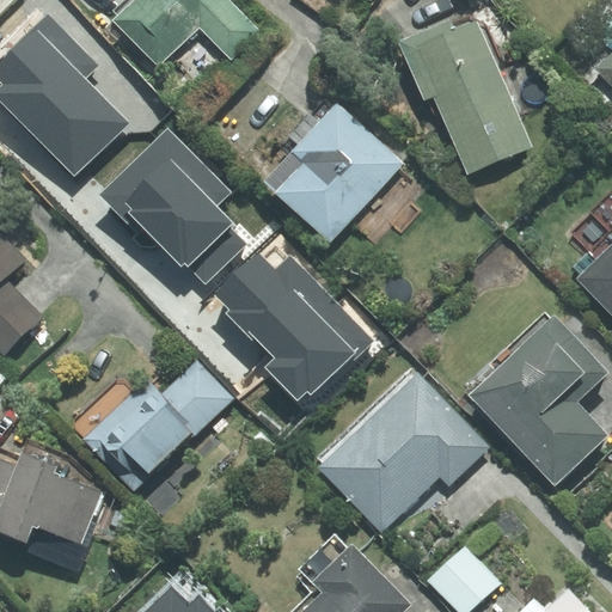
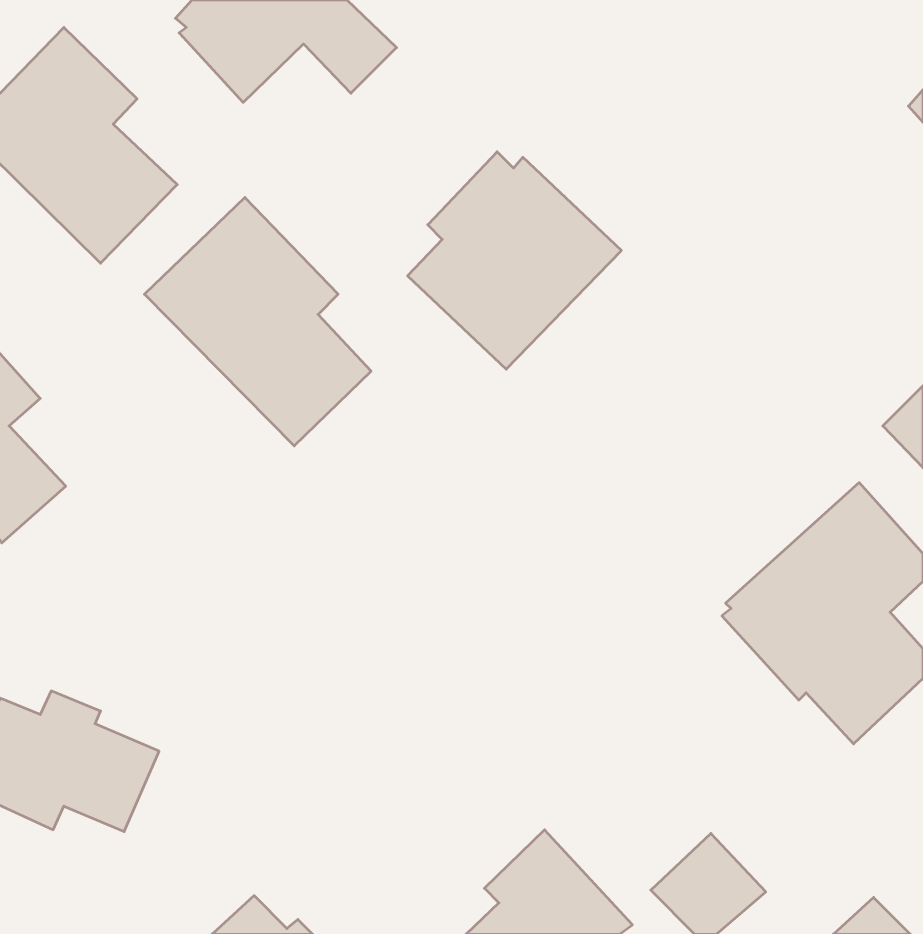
building: [412,20,532,173] -> none
building: [207,253,360,405] -> none
building: [85,361,233,491] -> none
building: [317,372,489,533] -> none

